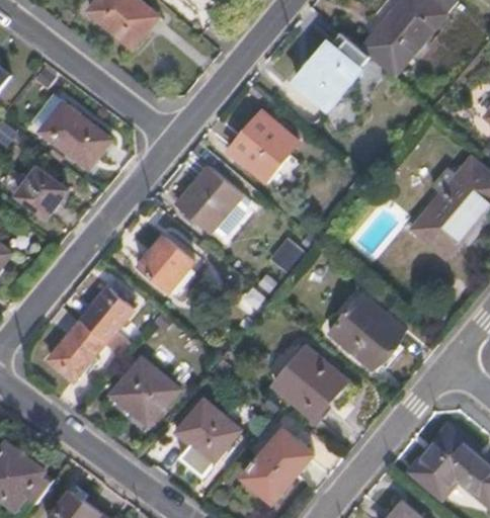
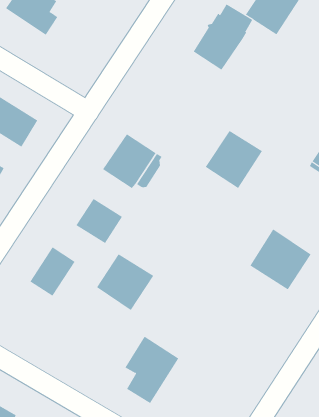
building: [229,113,297,181] -> [205,130,263,189]
building: [49,323,103,379] -> none
building: [274,348,344,421] -> none
building: [110,359,177,426] -> [96,253,154,311]
building: [242,431,311,492] -> none

